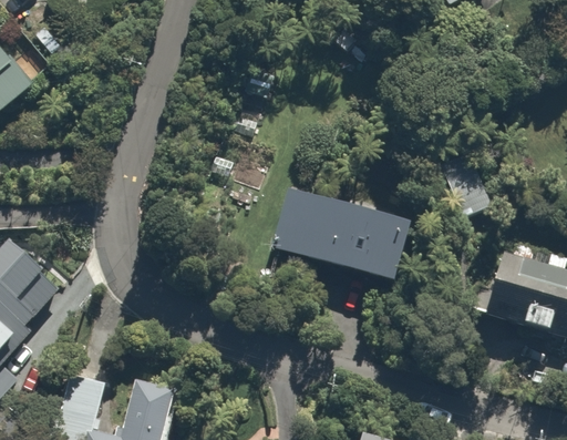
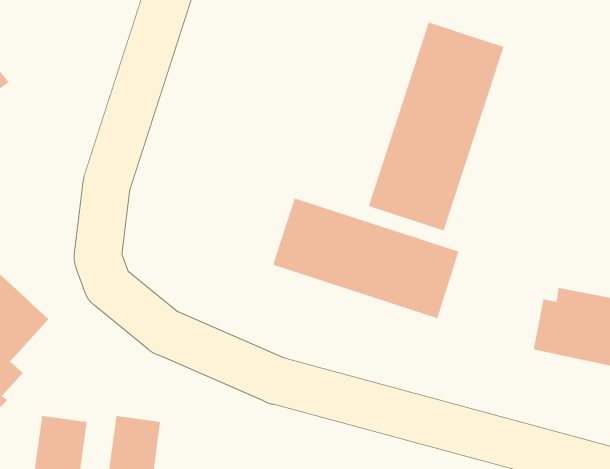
building: none -> [368,21,504,231]

